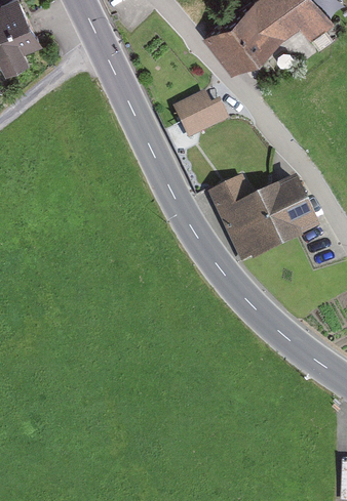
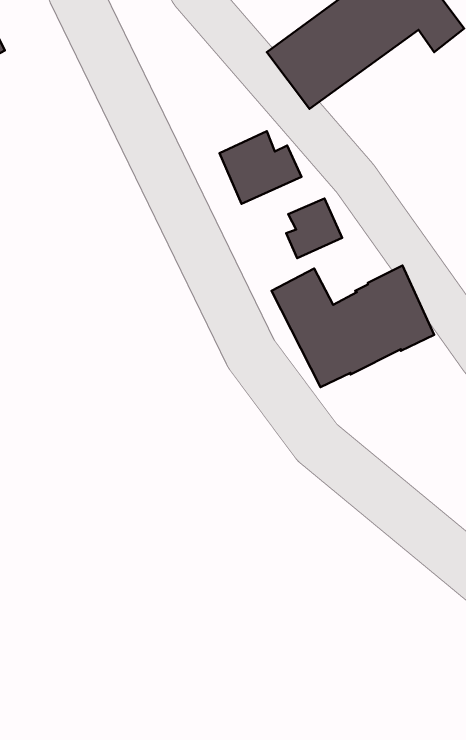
building: none -> [286,199,342,258]

